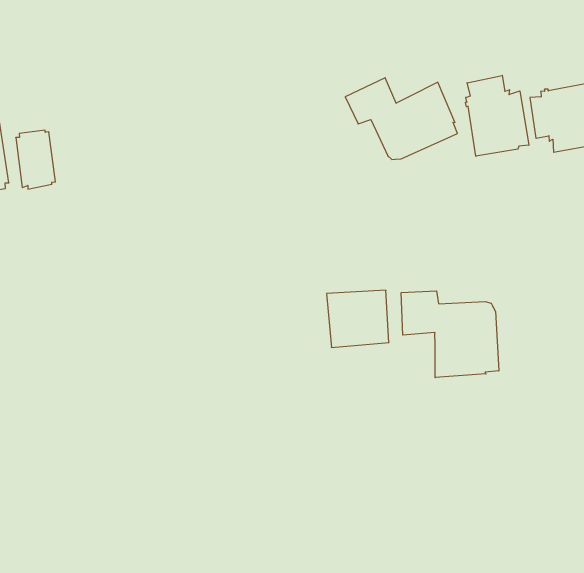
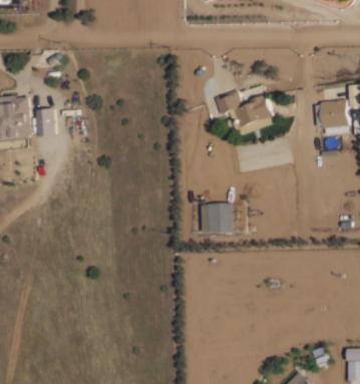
building: [465,75,529,156] -> none
building: [401,291,499,378] -> none

